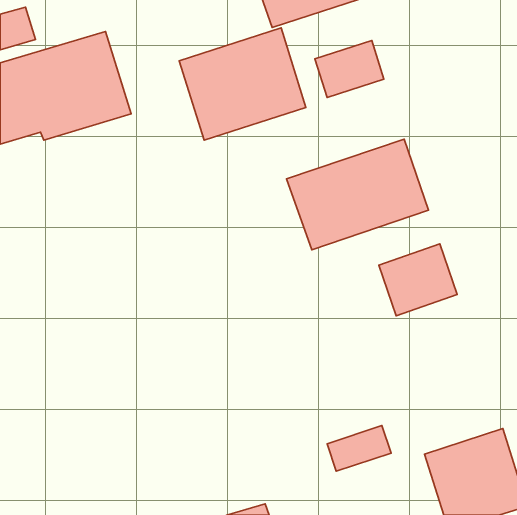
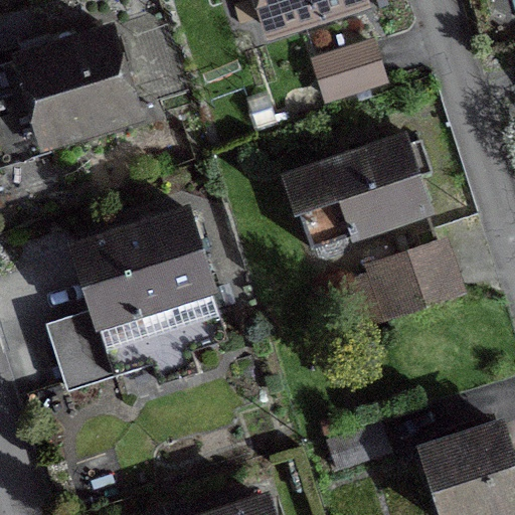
building: [179,28,306,140] -> none
building: none -> [47,212,223,387]

